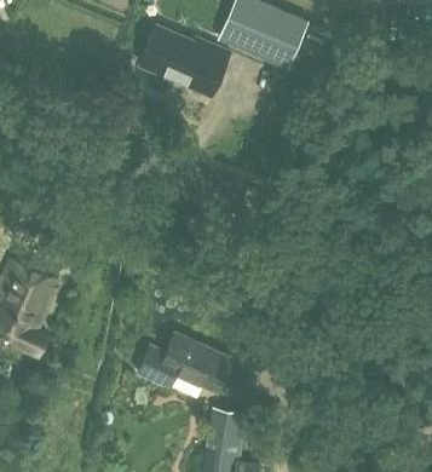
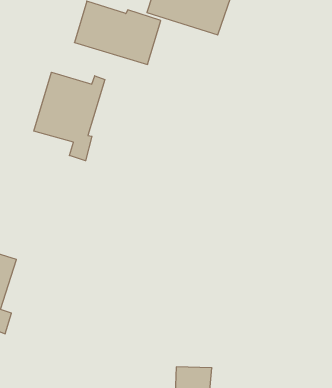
building: none -> [34,72,105,161]
building: [139,334,234,392] -> none

